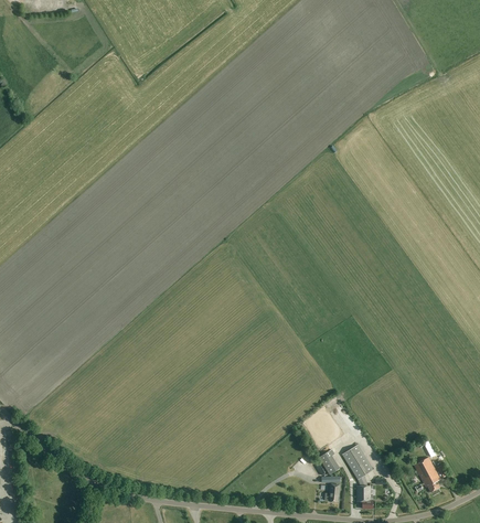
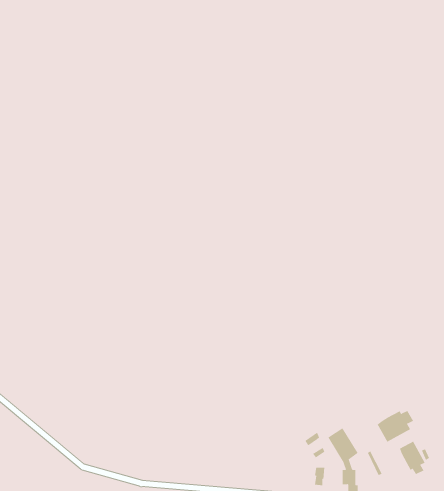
building: none -> [377,410,414,442]

